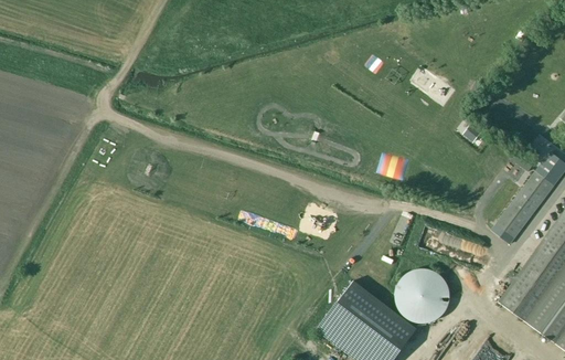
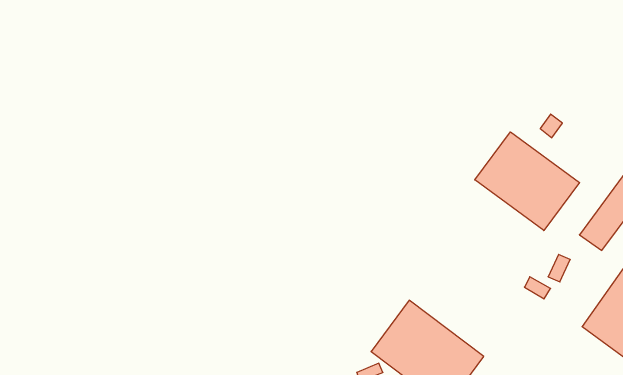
building: none -> [475,132,580,231]
building: [396,269,451,324] -> none

